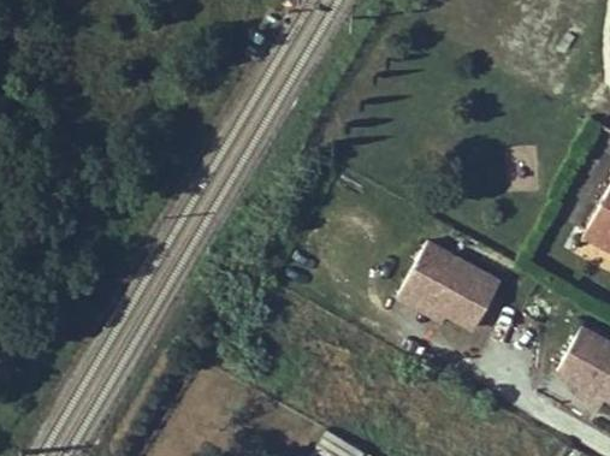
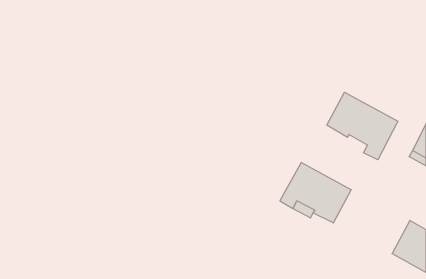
building: none -> [327,92,398,160]

